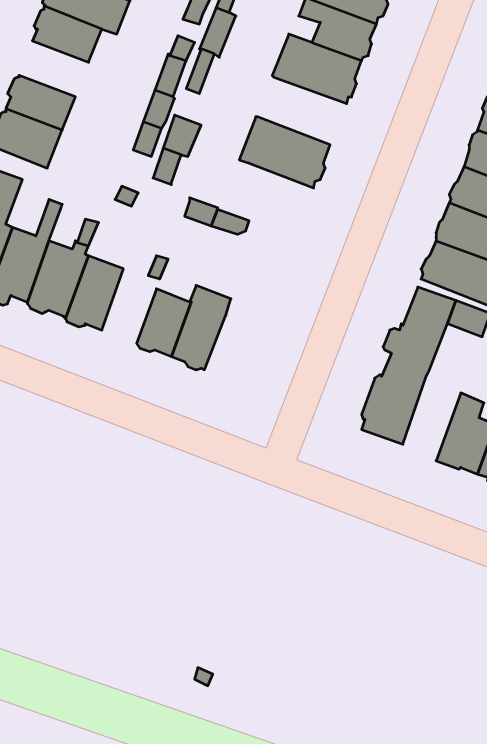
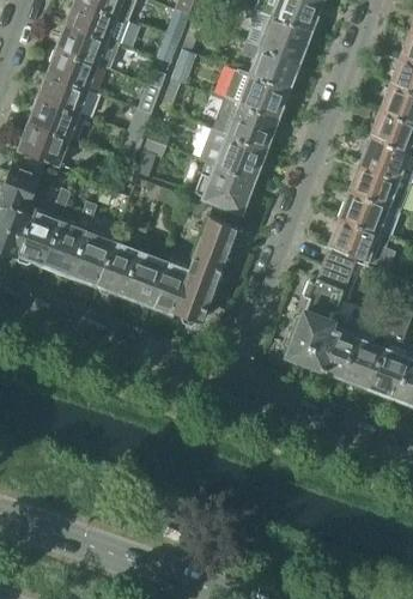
building: none -> [40,74,90,115]
building: none -> [212,101,277,150]
building: none -> [194,163,253,212]
building: none -> [174,217,236,327]
building: none -> [99,240,139,295]
building: none -> [317,317,360,379]

